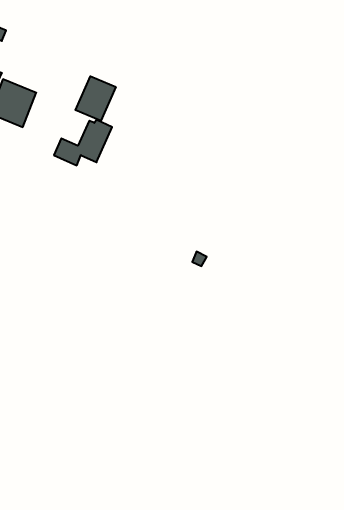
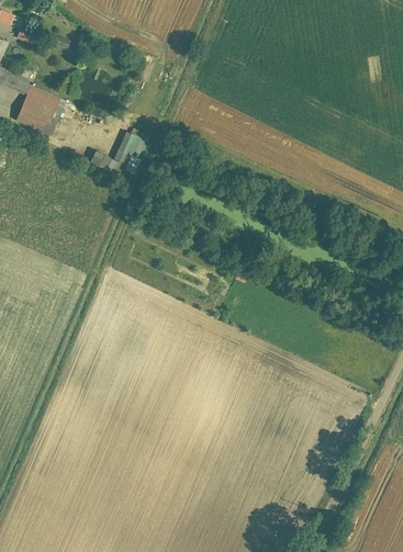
building: [75,76,116,121] -> none

